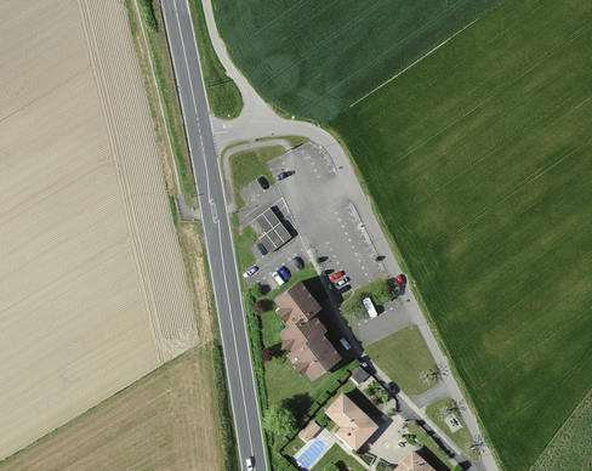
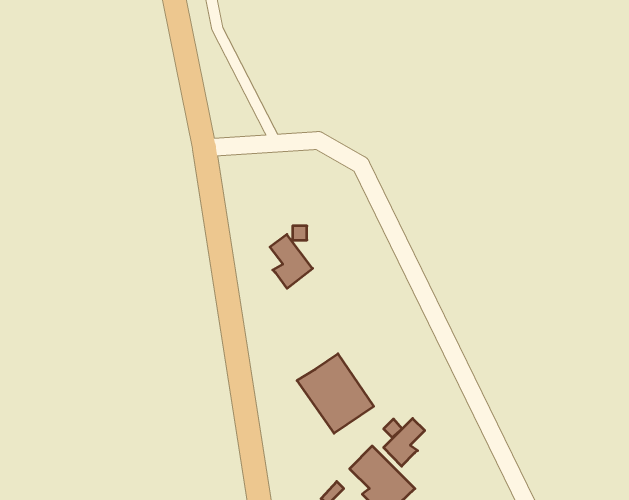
building: [275,279,320,325] -> none
building: none -> [384,418,425,466]

